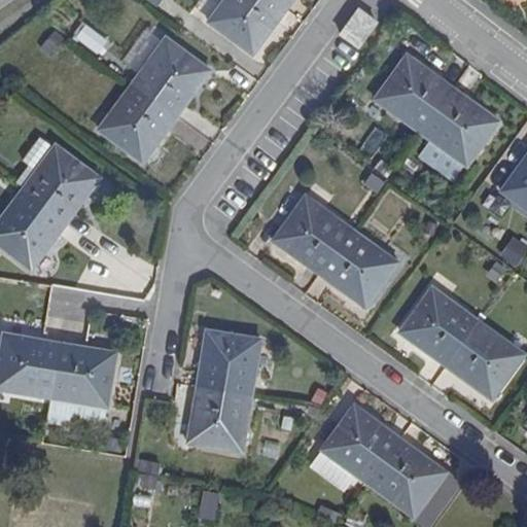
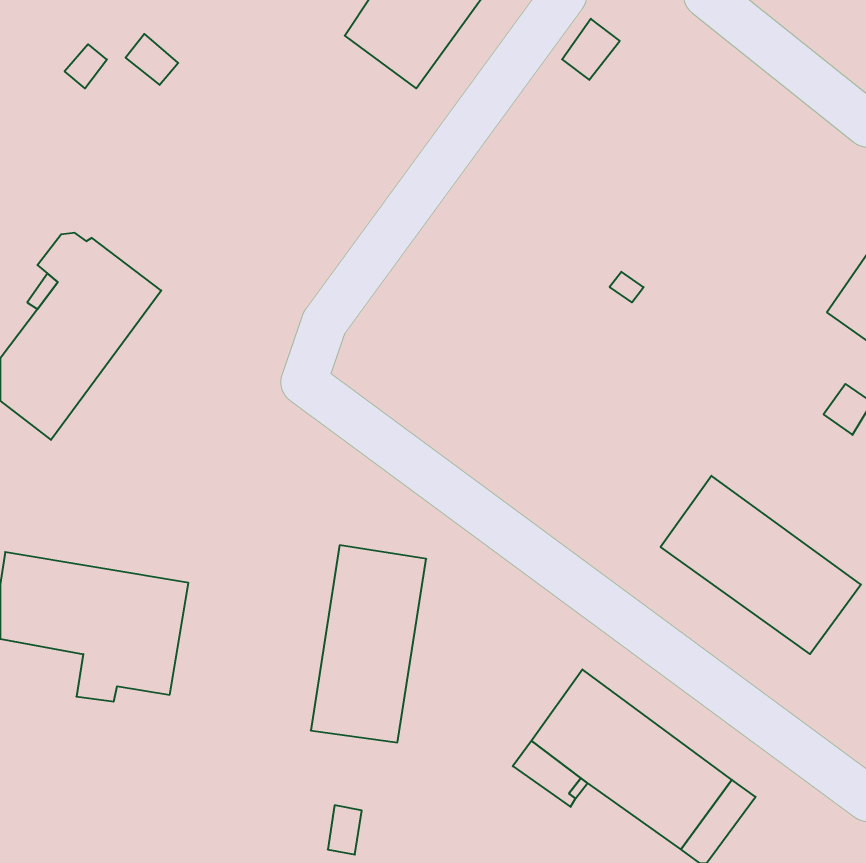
building: [99,39,209,160] -> none
building: [377,57,498,178] -> none
building: [275,196,396,305] -> none

